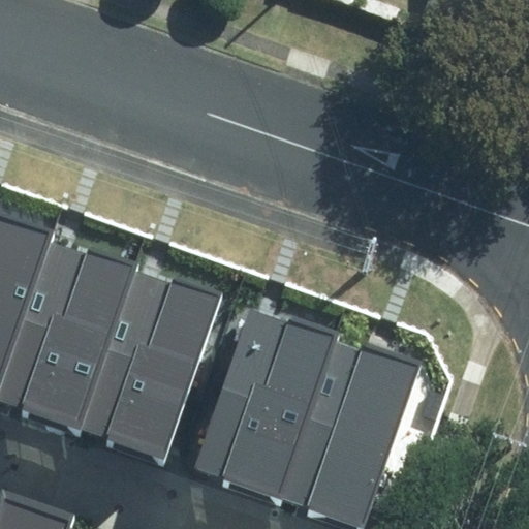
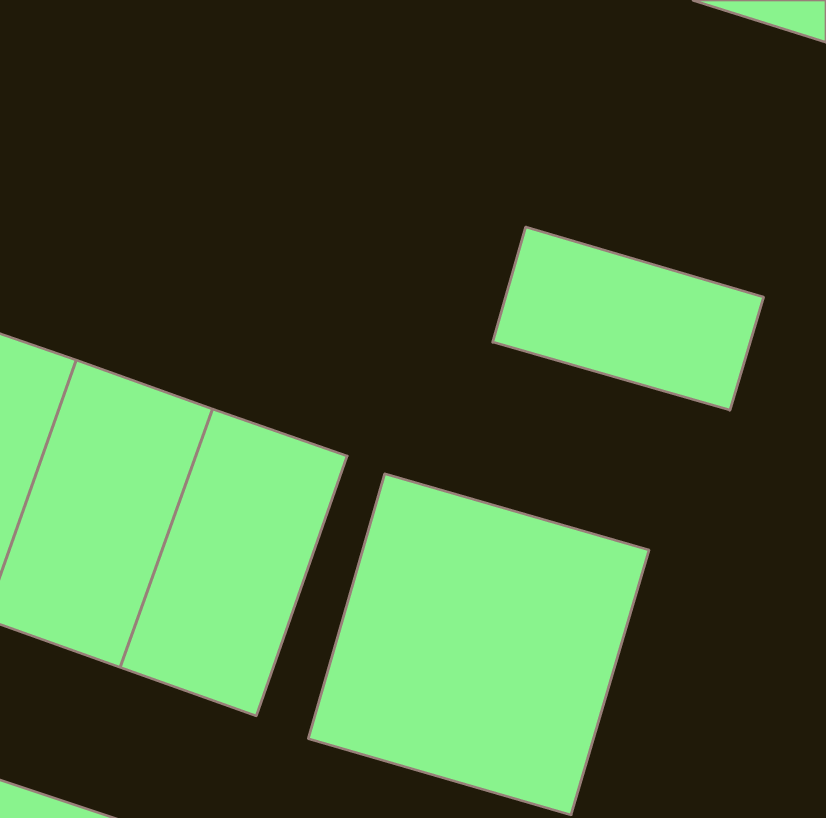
building: none -> [493,227,763,410]

